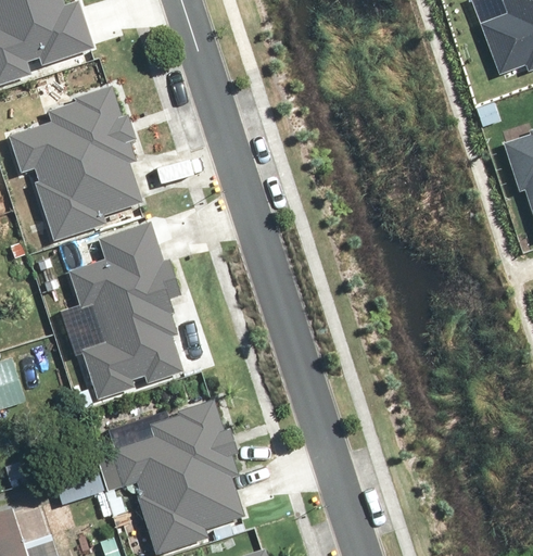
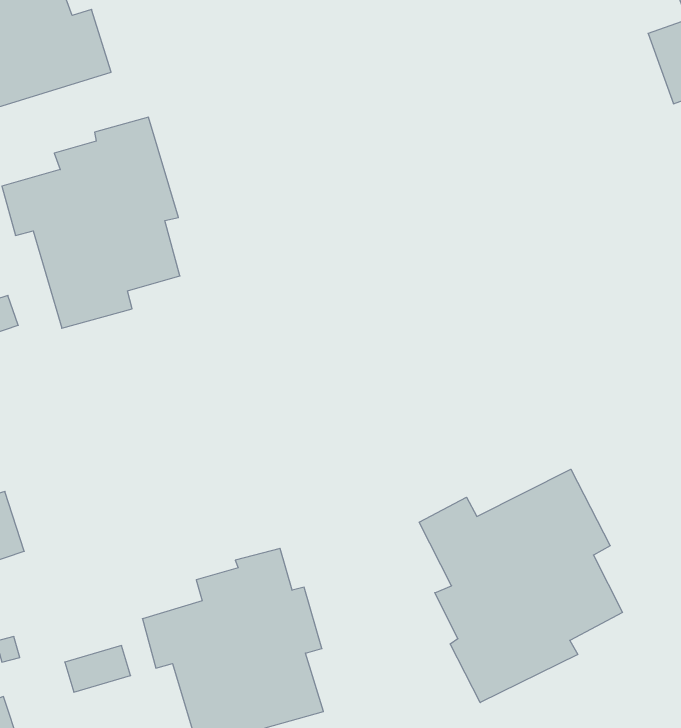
building: [69,224,185,396] -> none
building: none -> [419,469,622,703]

